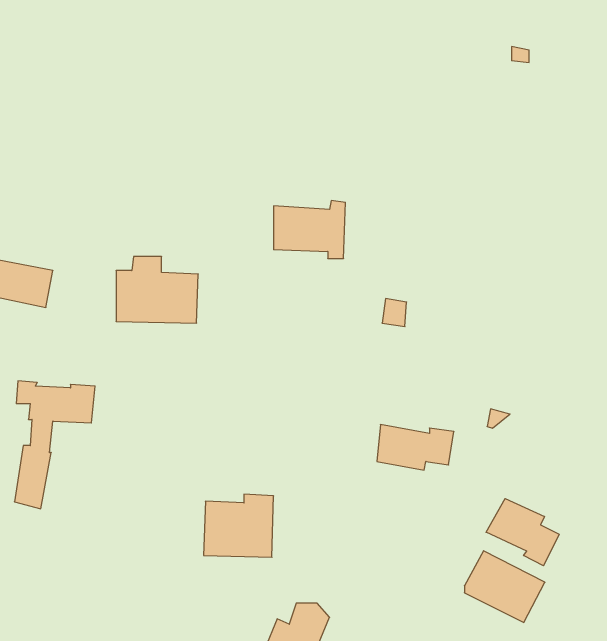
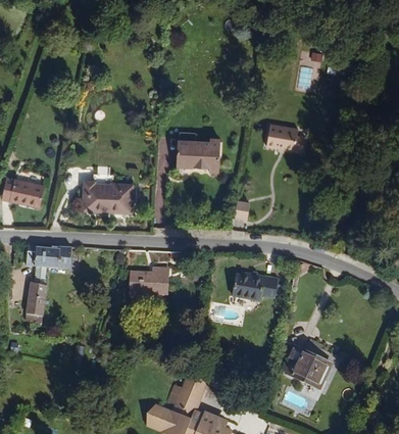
building: none -> [267,123,303,150]
building: [204,494,274,557] -> [129,264,169,301]
building: [486,499,559,566] -> none

